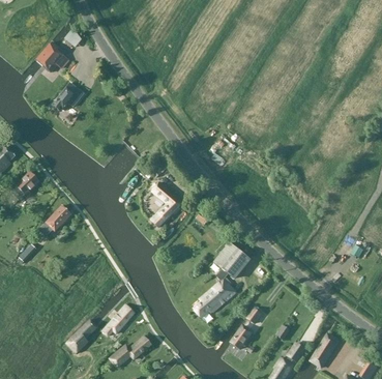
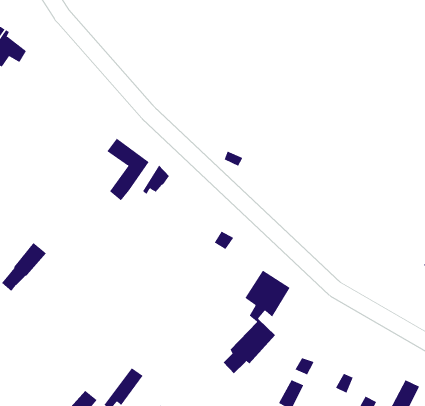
building: [52,83,83,112] -> none
building: [151,182,183,230] -> [107,138,149,201]

